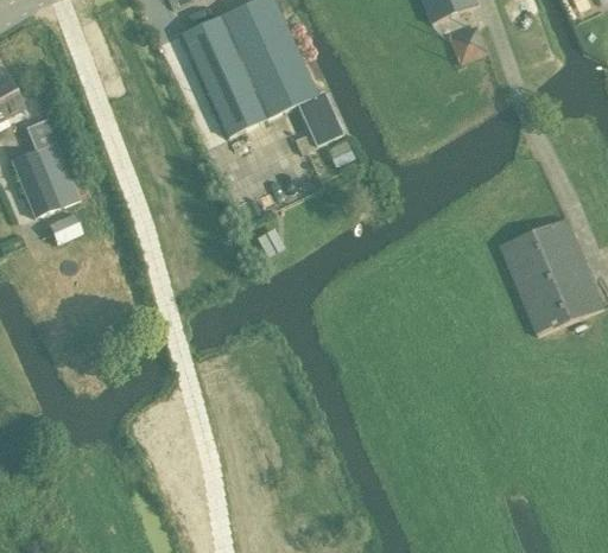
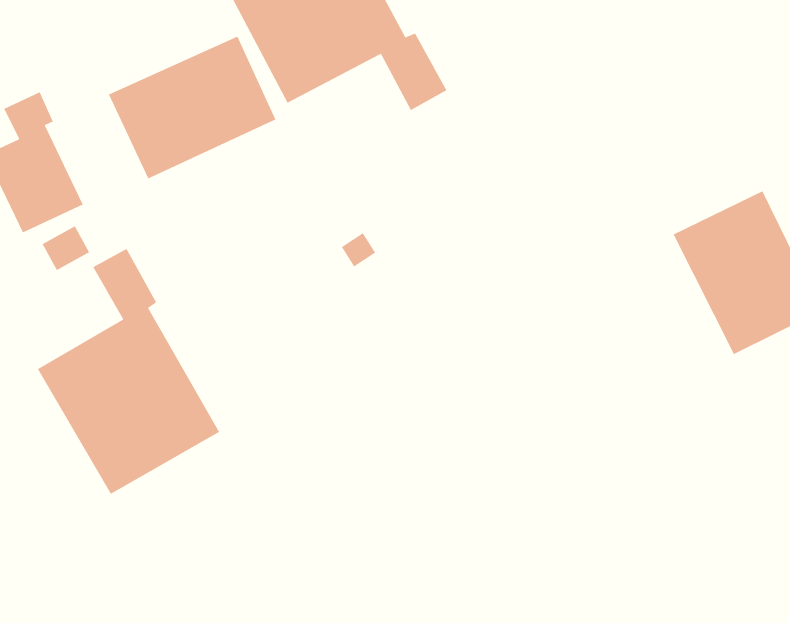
building: none -> [108,35,277,180]
building: none -> [37,248,220,495]

